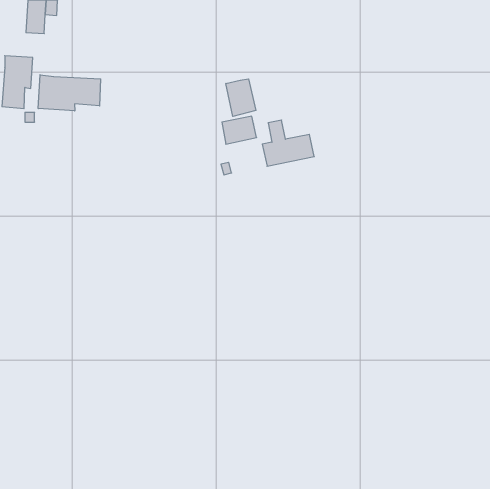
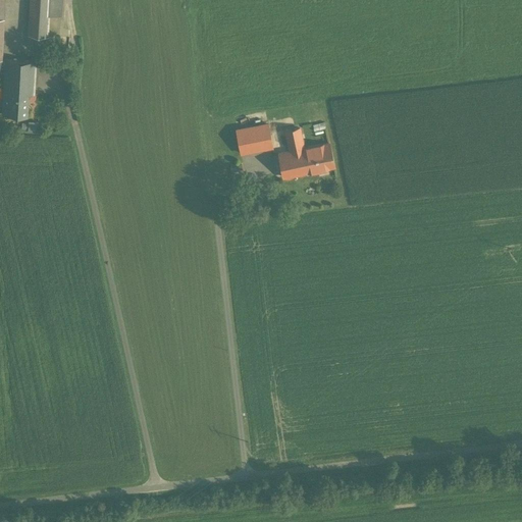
building: [38,75,101,111] -> none
building: [226,79,256,116] -> none

